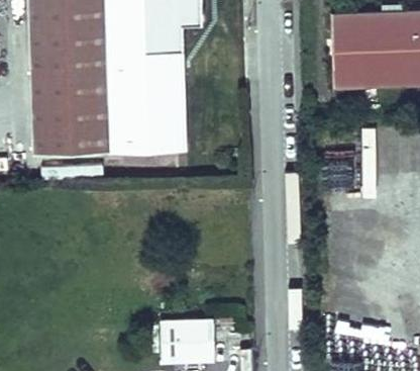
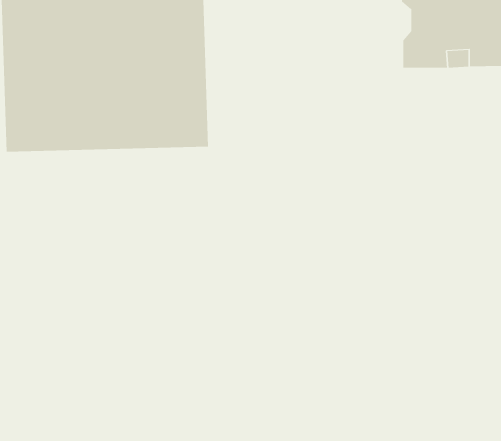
building: [161,319,215,362] -> none

